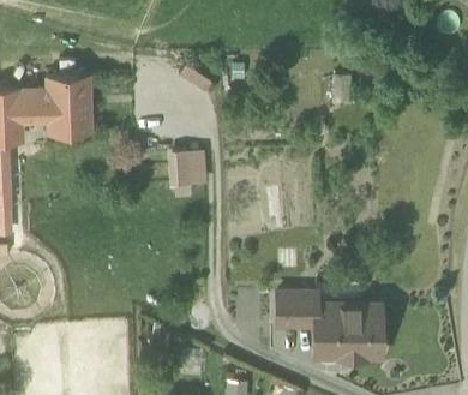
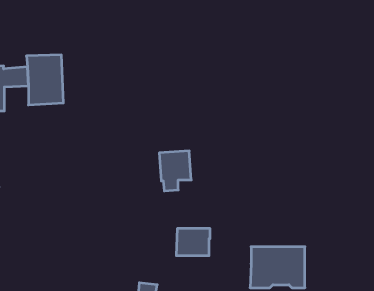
building: [169,149,208,197] -> [159,151,191,191]
building: [277,293,318,325] -> [176,229,210,256]

